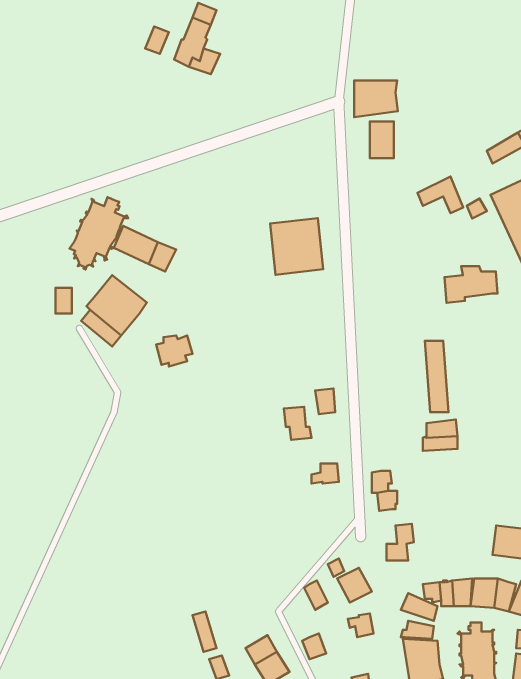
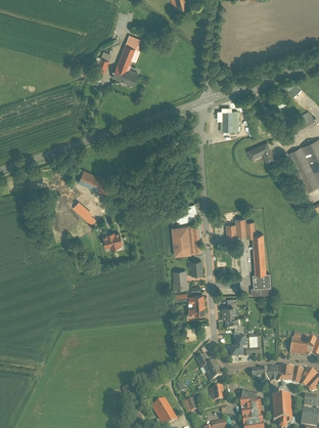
building: [354,80,398,117] -> none
building: [70,197,128,269] -> none
building: [270,218,323,275] -> [171,223,200,255]
building: [445,266,498,303] -> [225,218,255,239]

